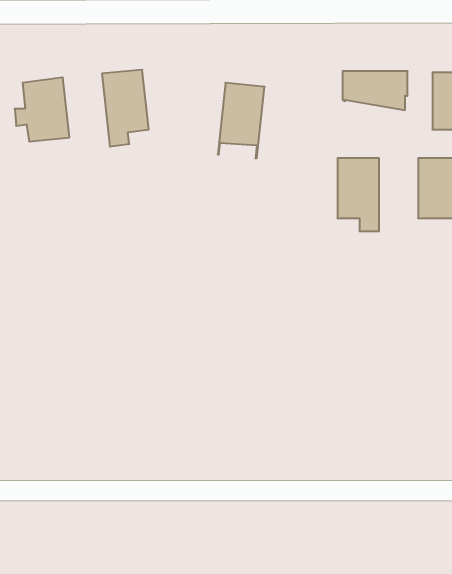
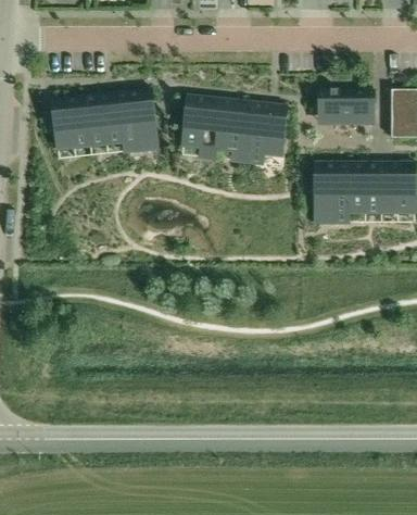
building: none -> [86,95,125,155]
building: none -> [182,98,222,162]
building: none -> [248,105,288,167]
building: none -> [350,165,382,215]

